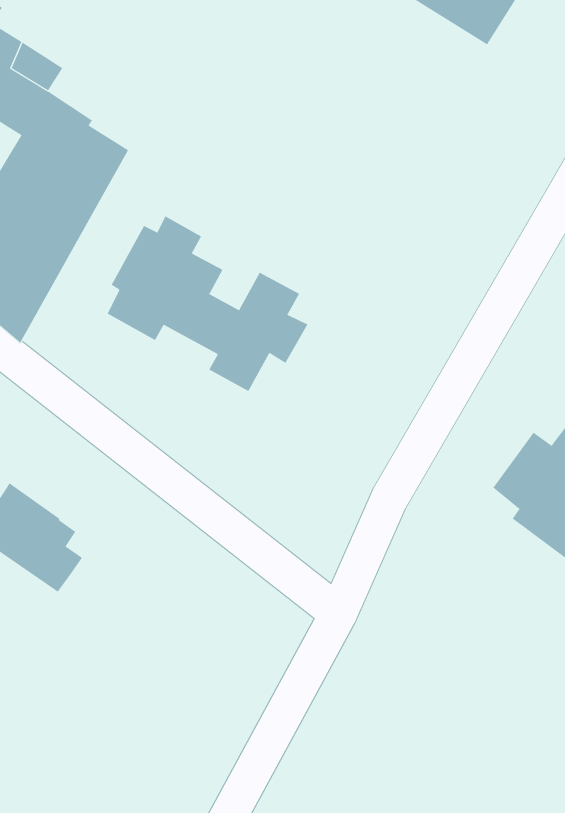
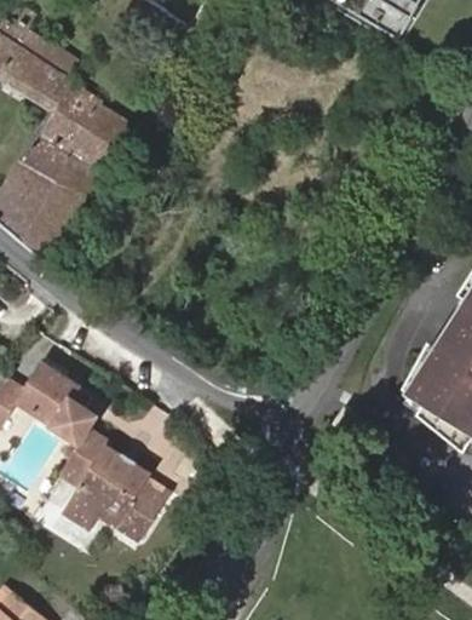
building: [107,216,308,392] -> none
building: none -> [61,434,172,545]

